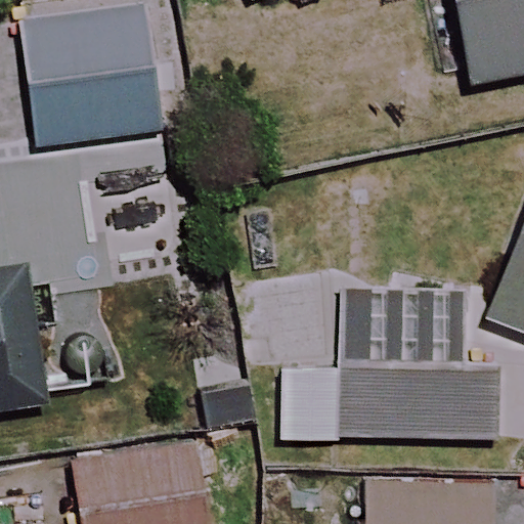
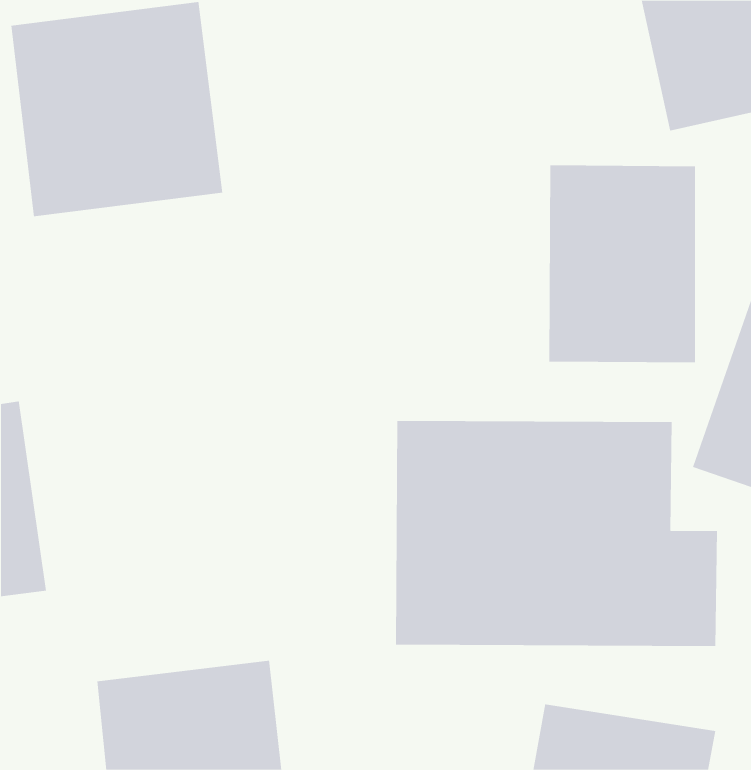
building: none -> [549,165,696,363]

